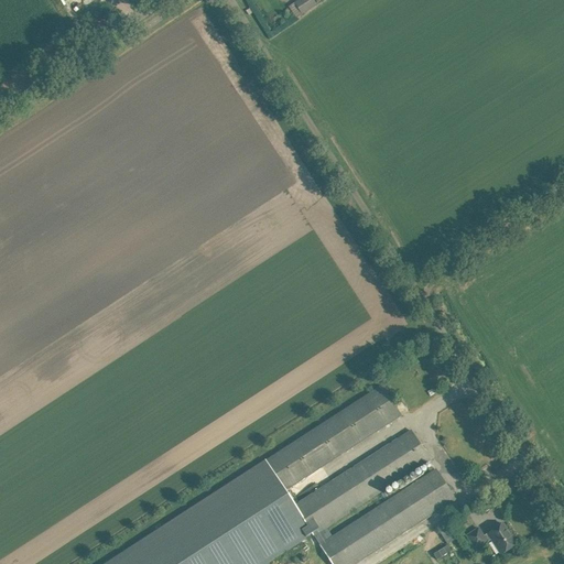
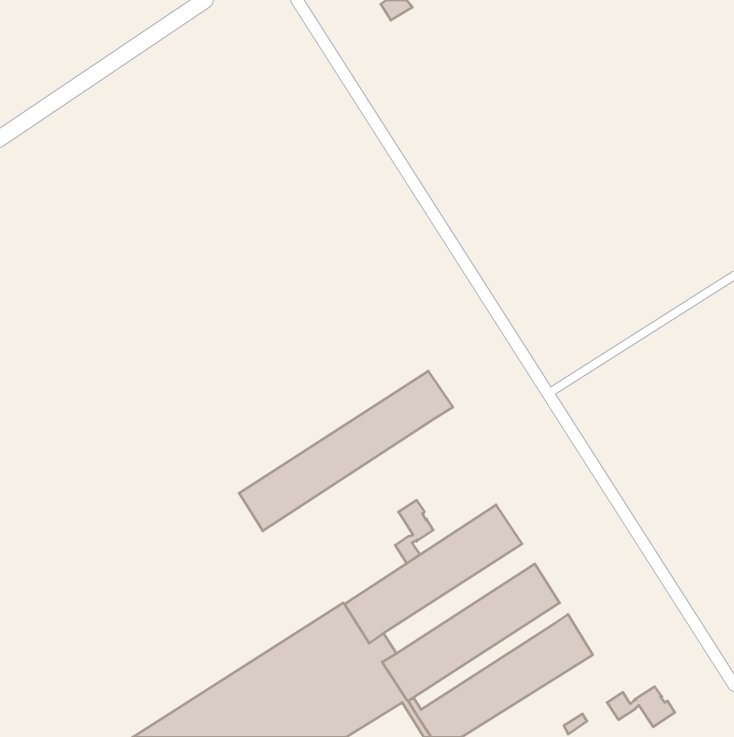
building: none -> [239,371,453,531]
building: none -> [395,500,433,563]

